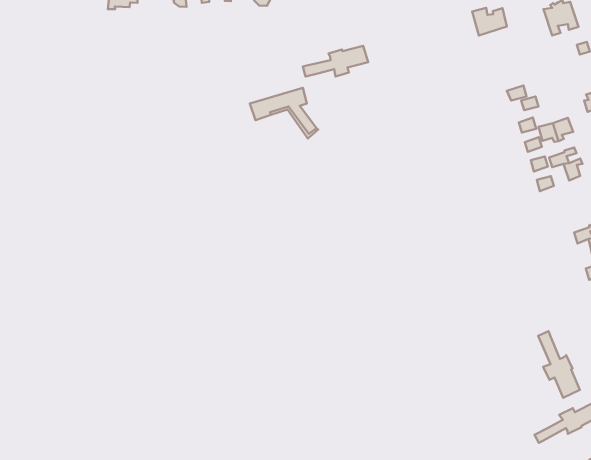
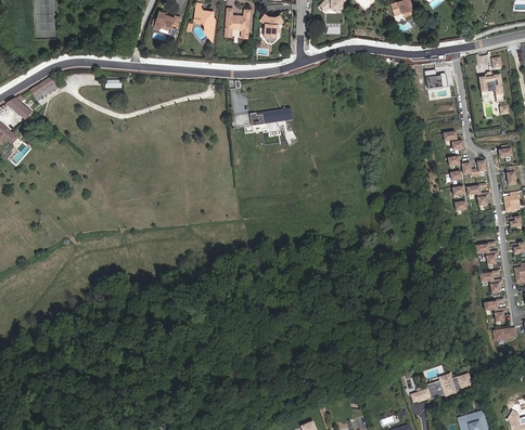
building: [303,46,368,77] -> none
building: [538,331,580,398] -> none

